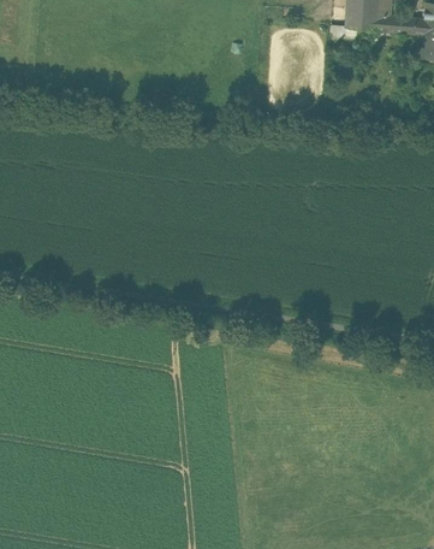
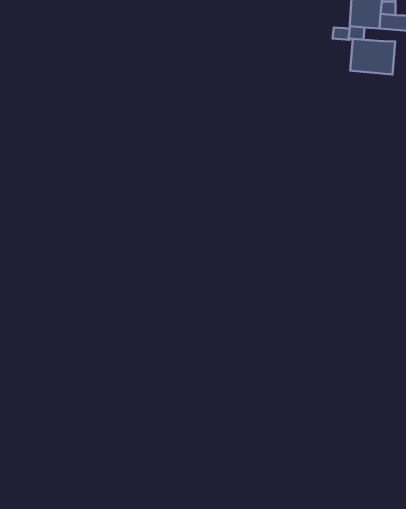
building: none -> [350,39,395,75]

